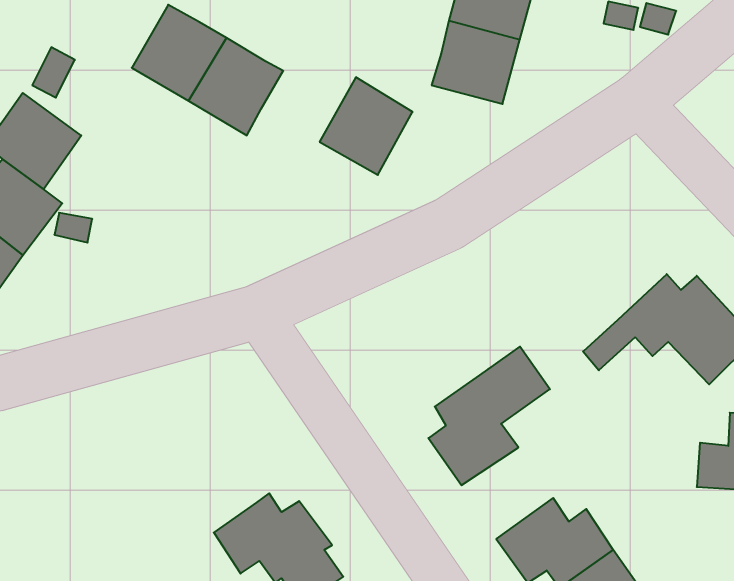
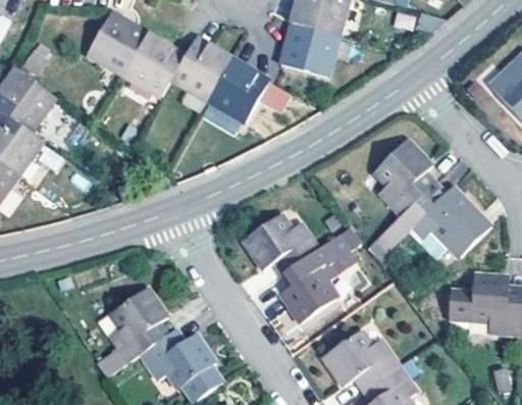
building: none -> [170,38,231,101]
building: none -> [375,140,434,216]
building: none -> [243,215,317,272]
building: none -> [98,288,167,376]

